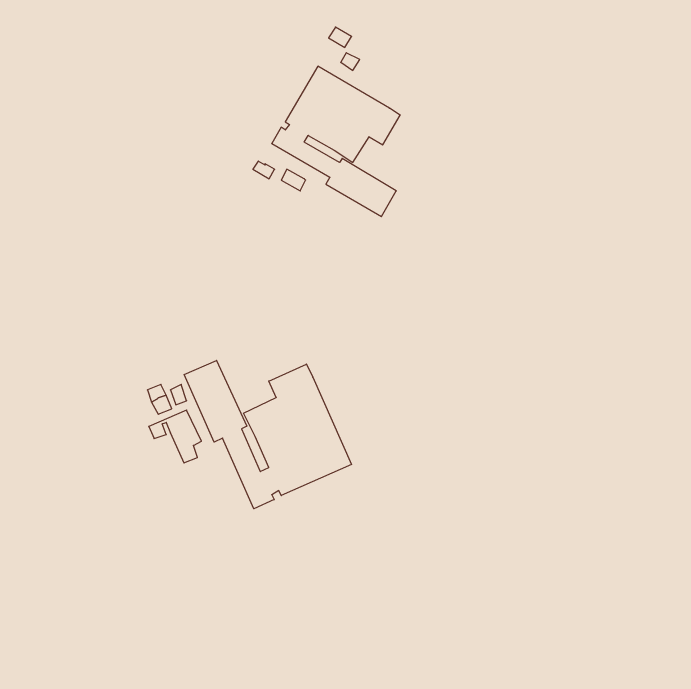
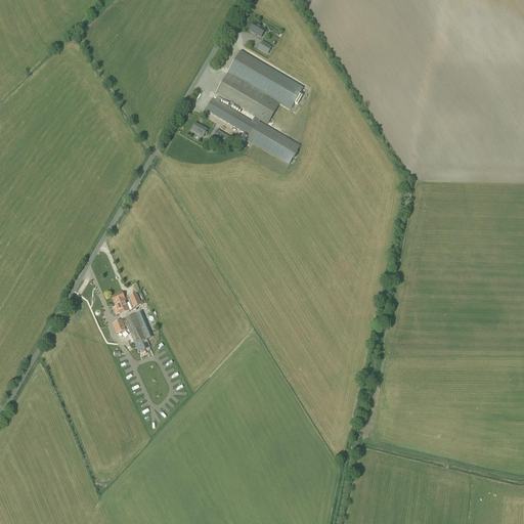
building: [184,360,351,509] -> none

